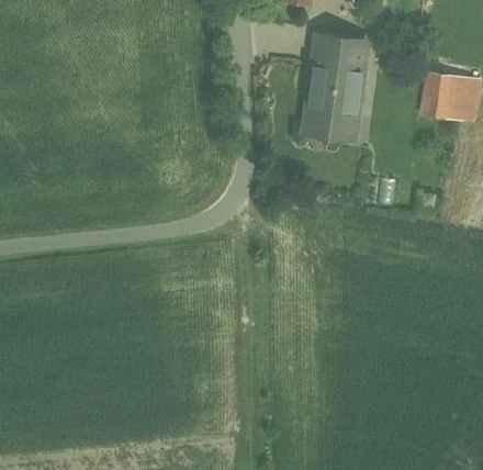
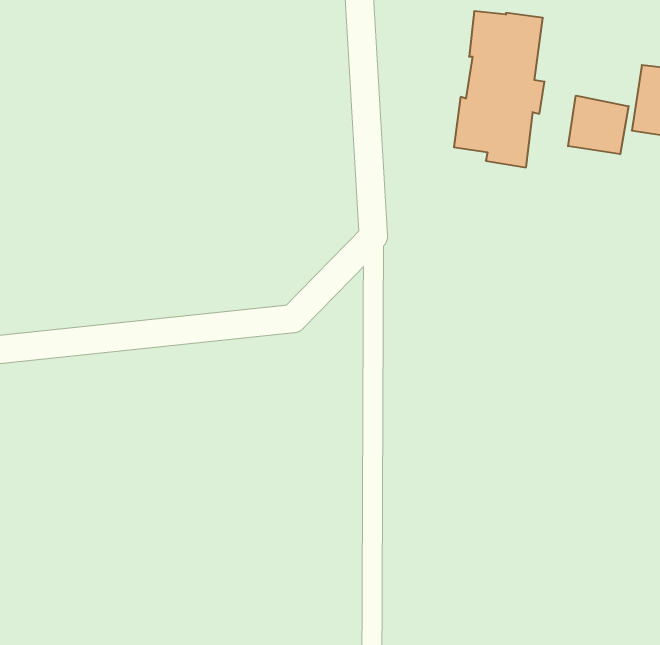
building: none -> [568,96,629,154]

